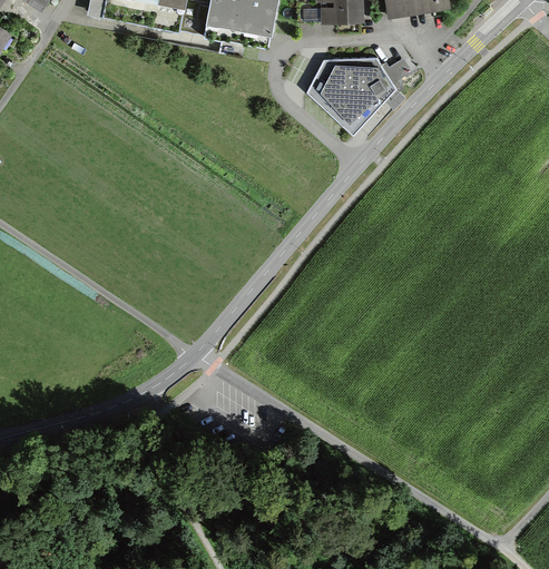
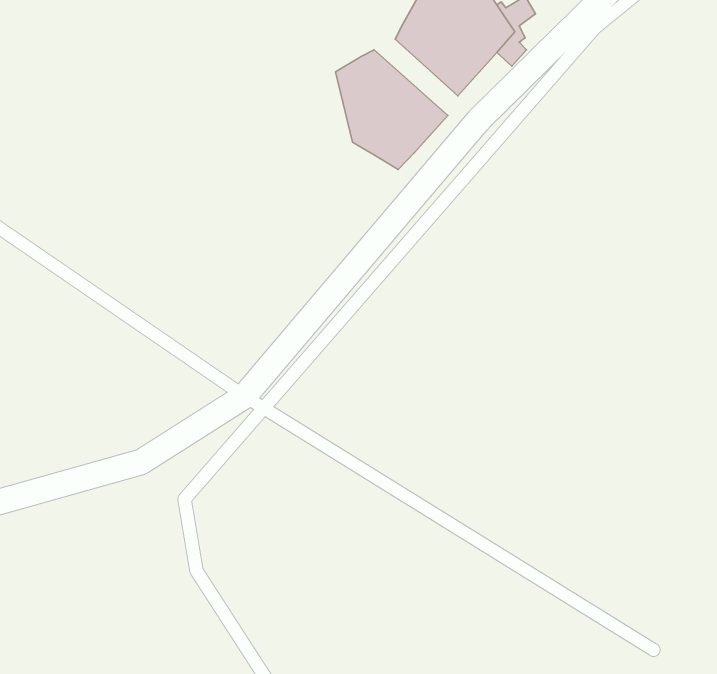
building: none -> [335,50,448,170]

